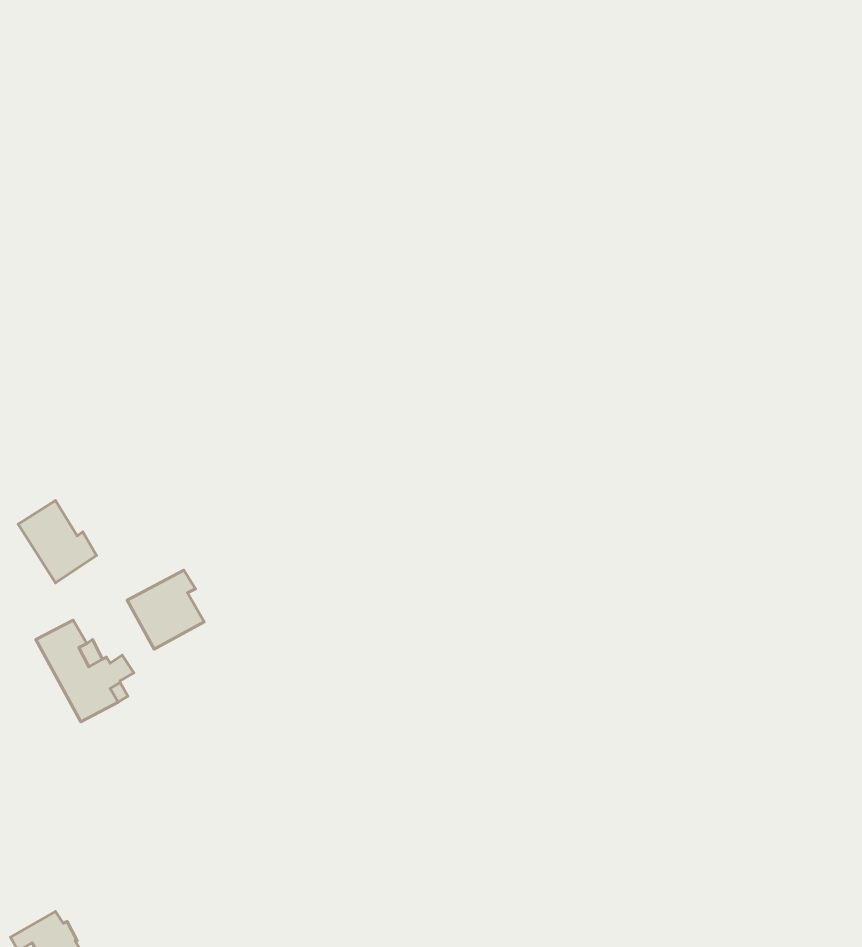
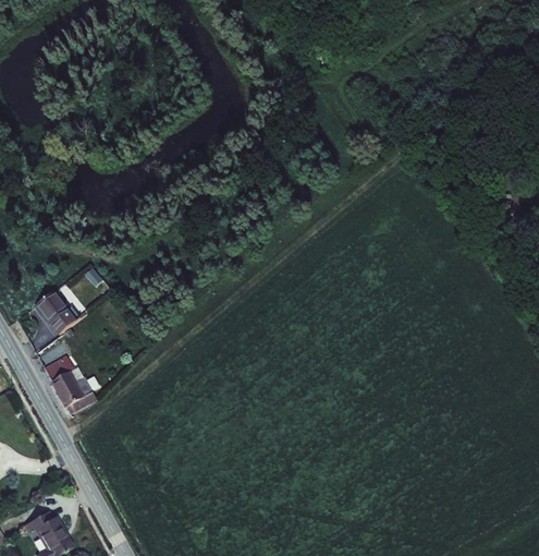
building: [127,570,204,649] -> none

